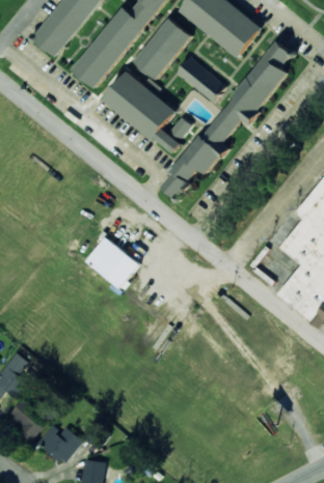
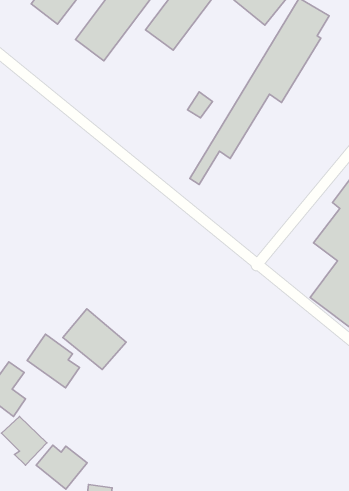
building: [173,57,224,102] -> none
building: [101,70,180,153] -> none
building: [84,235,139,288] -> [63,309,126,370]
building: none -> [27,334,80,388]

